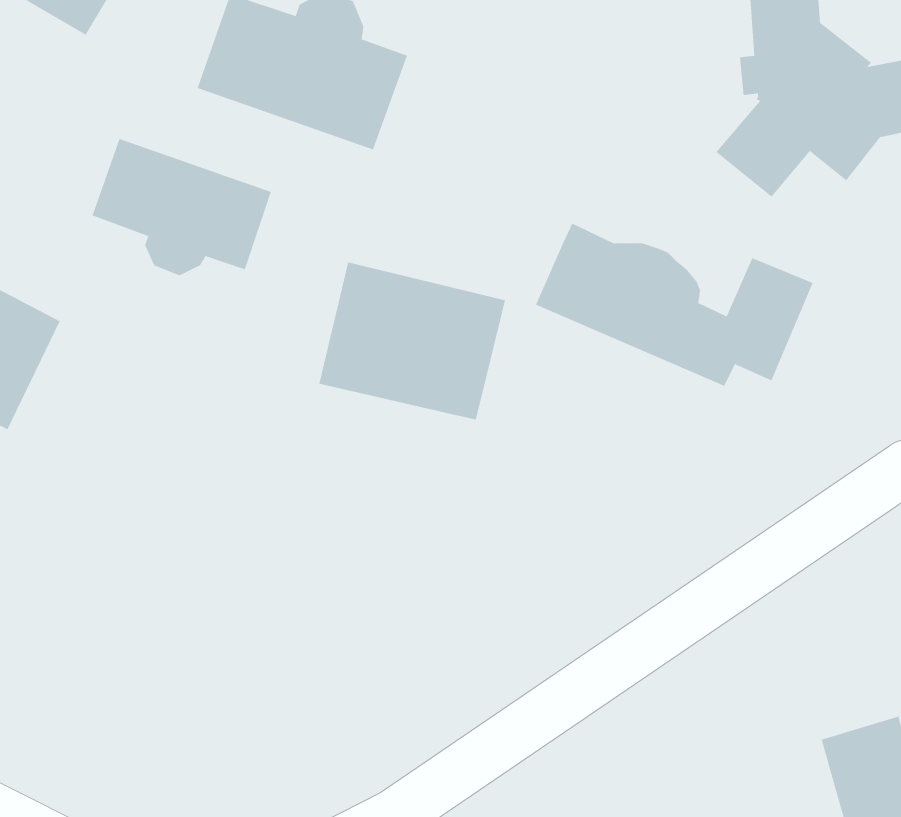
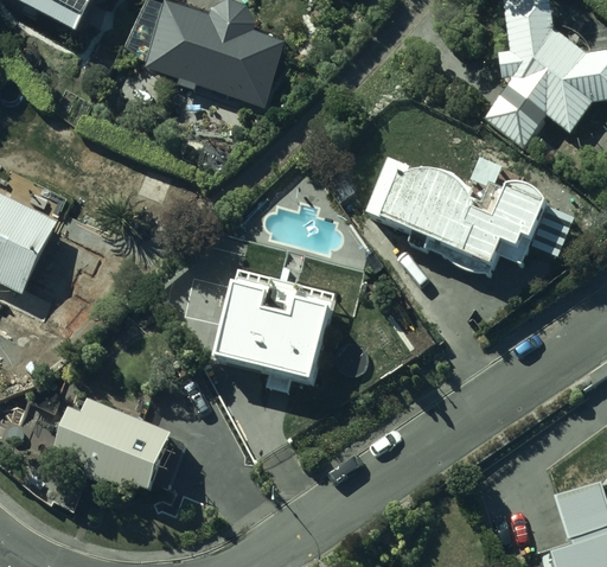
building: [92,138,272,276] -> none
building: [318,262,506,420] -> [212,279,334,382]
building: none -> [55,399,172,488]

